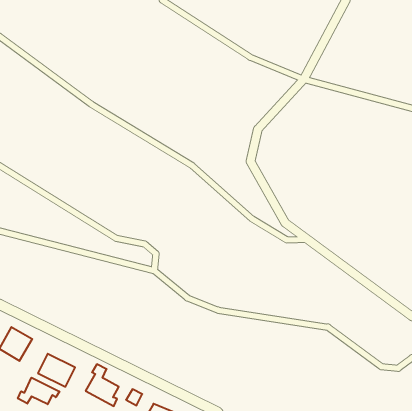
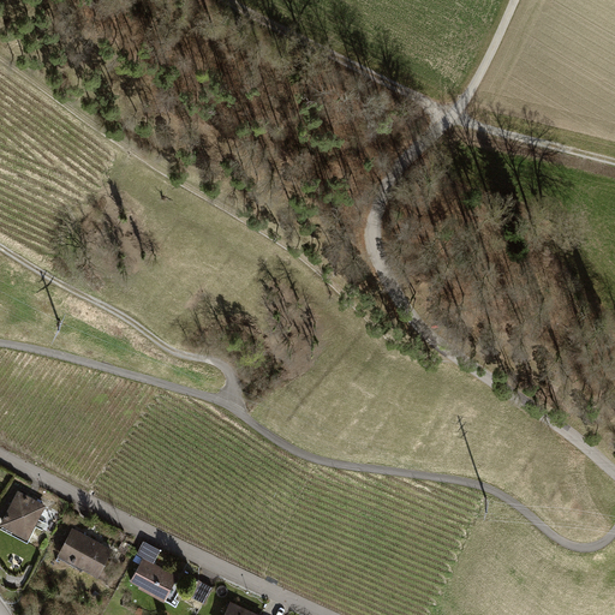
building: [18,378,59,404] -> none

